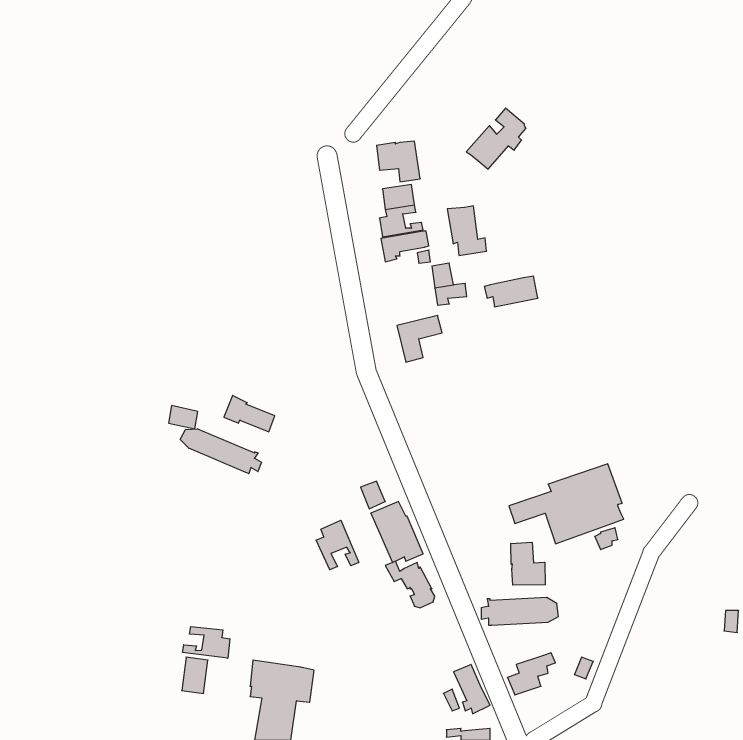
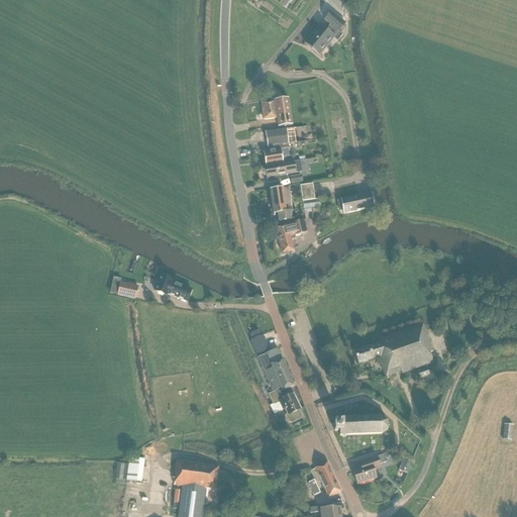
building: [466,108,526,169] -> [304,11,345,54]
building: [447,206,487,255] -> [270,187,297,221]
building: [180,429,261,474] -> none
building: [316,520,359,570] -> none
building: [511,542,545,585] -> none
building: [183,627,230,658] -> none

